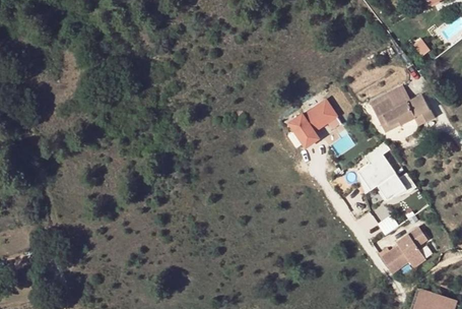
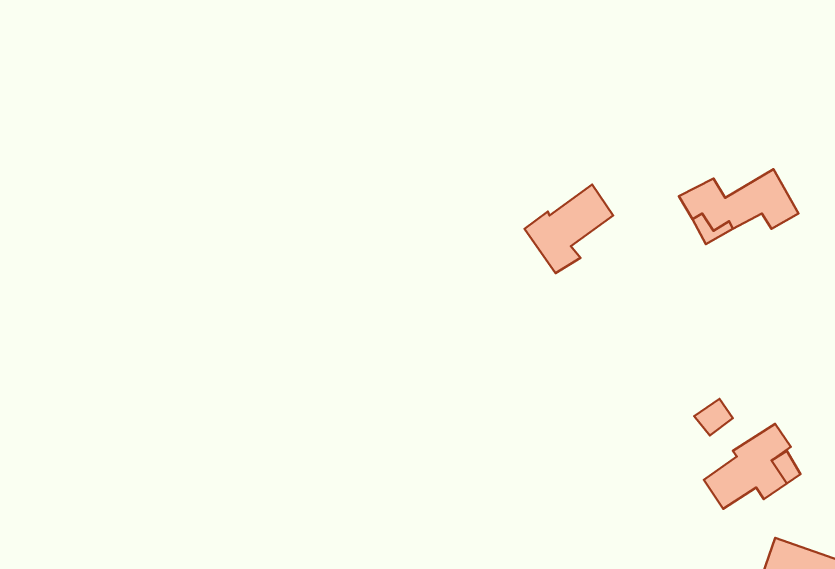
building: [356,142,415,201] -> none

